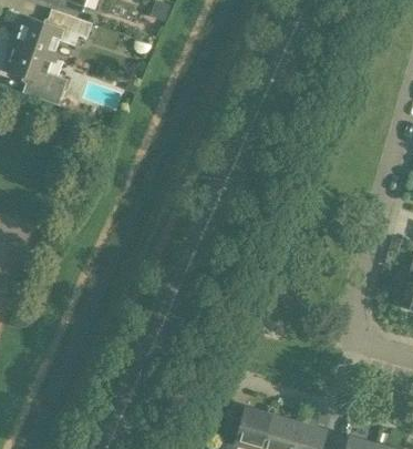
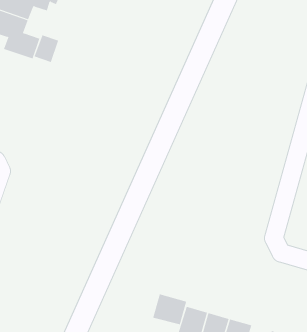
building: none -> [34,35,59,63]
building: none -> [153,293,187,325]

